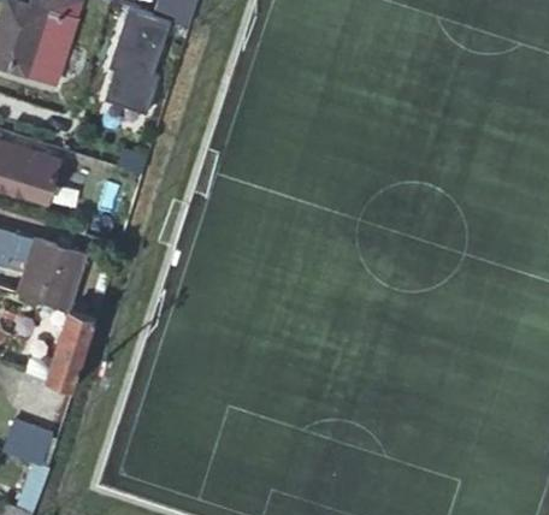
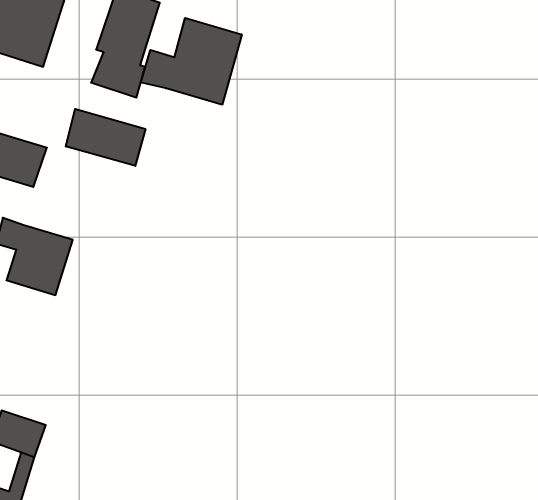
building: none -> [141,18,242,105]
building: none -> [66,109,145,166]
building: [24,309,95,389] -> none

